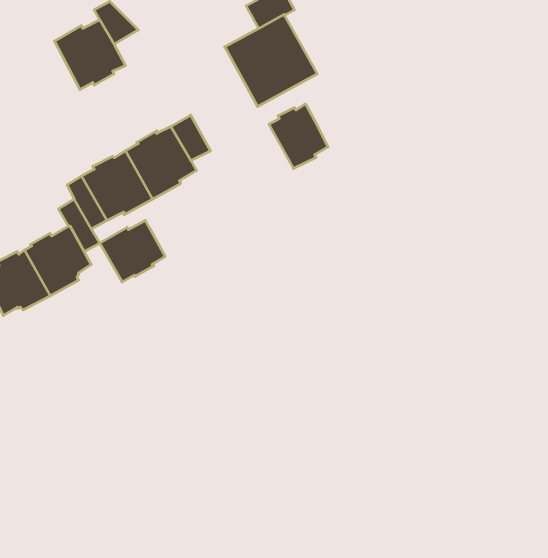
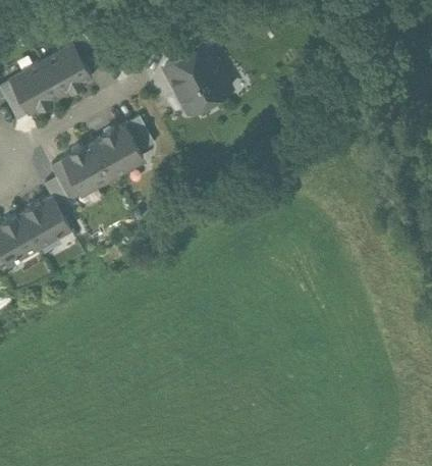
building: none -> [8,66,58,118]
building: [269,104,328,169] -> none
building: [100,220,165,282] -> none

